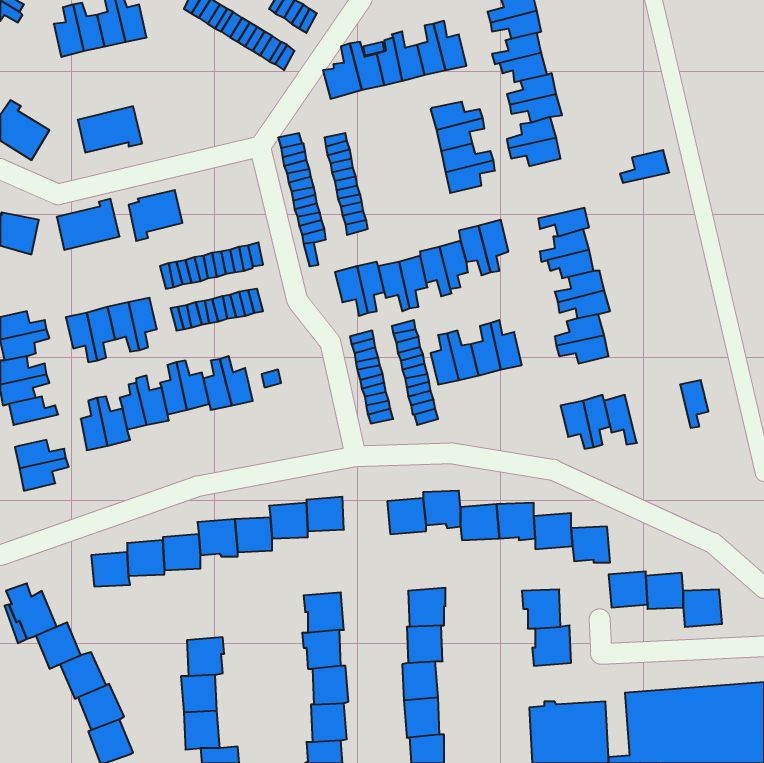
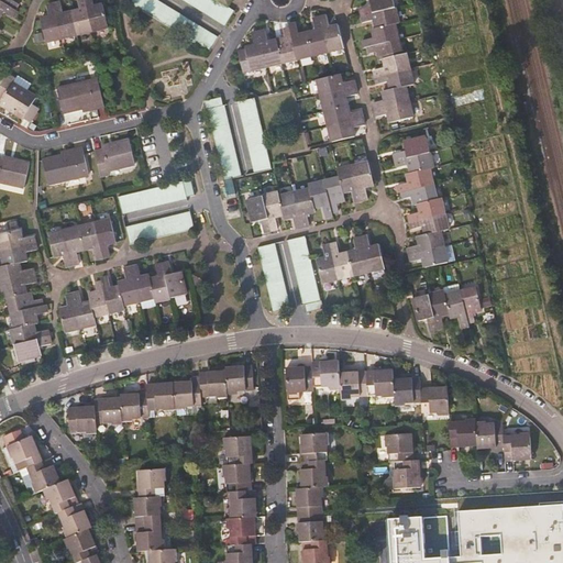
building: [620,150,669,183] -> [394,136,430,161]
building: [680,380,708,428] -> [460,287,481,322]
building: none -> [10,303,47,328]

